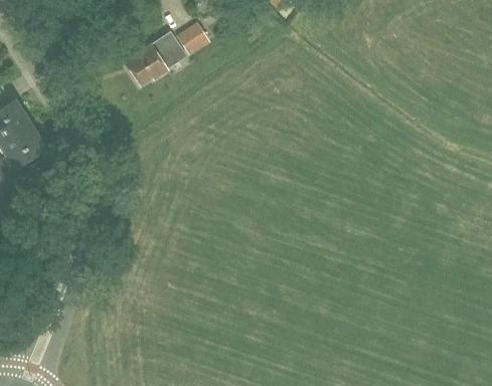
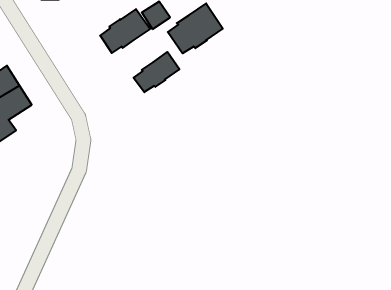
building: none -> [168,3,223,53]
building: none -> [134,52,179,92]

